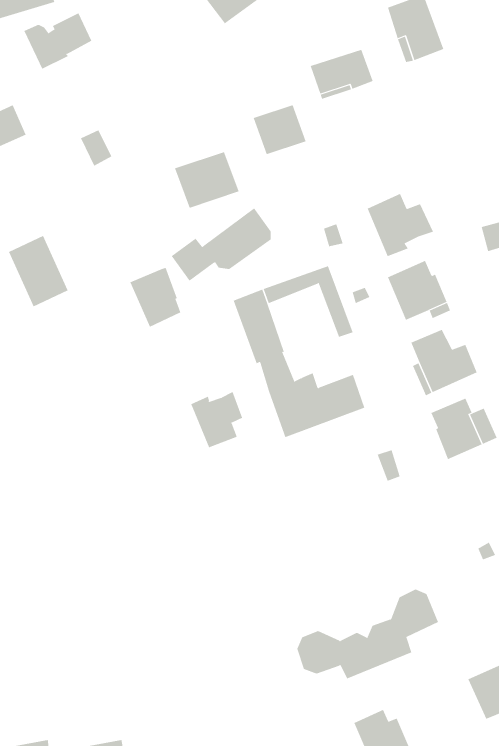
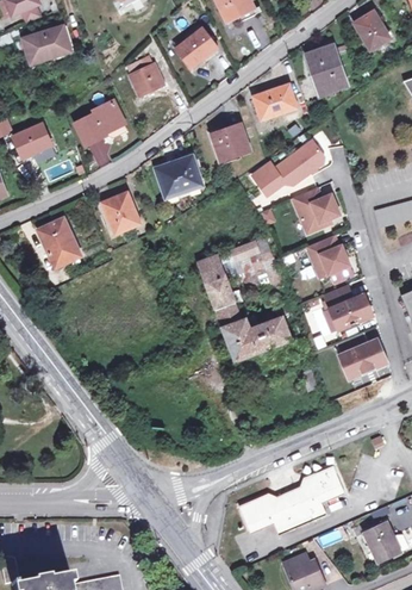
building: none -> [126,56,166,97]
building: [24,12,92,69] -> [74,103,123,143]
building: [171,208,271,281] -> [252,141,324,193]
building: [129,267,181,327] -> [101,192,138,235]
building: [190,391,243,448] -> none

